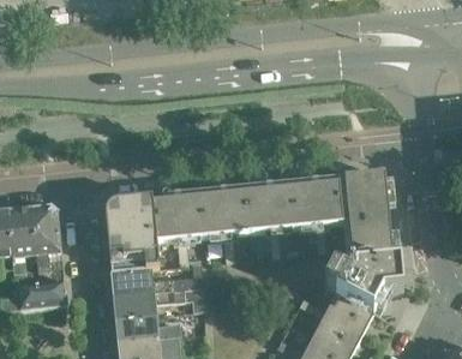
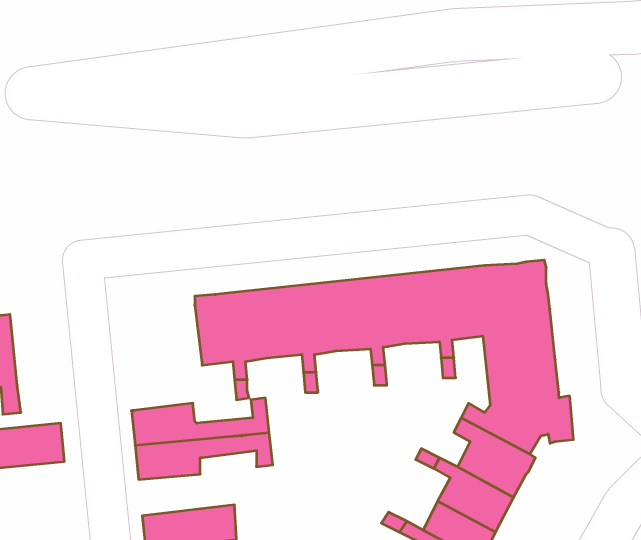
building: [106,197,160,273] -> none
building: [30,205,64,283] -> none
building: [115,315,179,342] -> none

